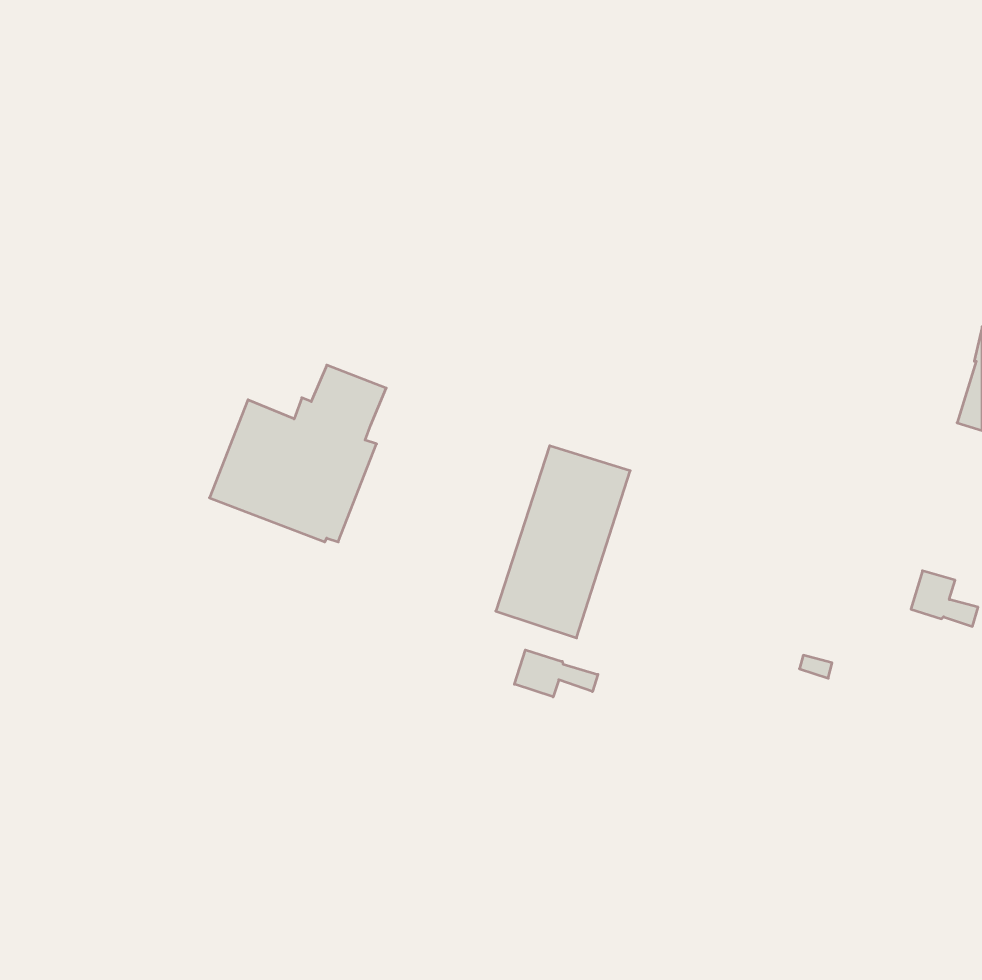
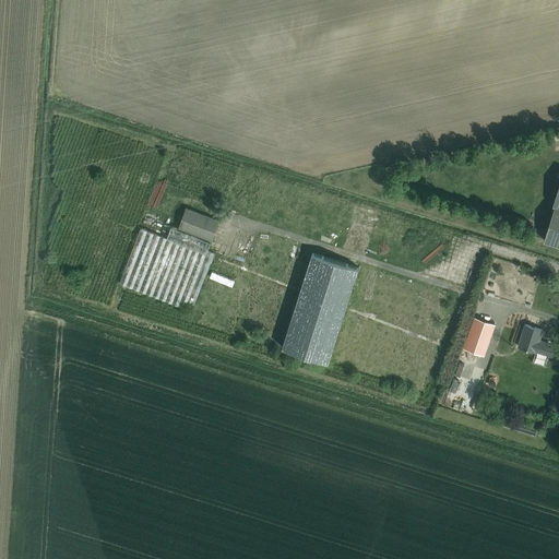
building: none -> [464,318,495,356]
building: [514,650,598,697] -> none

